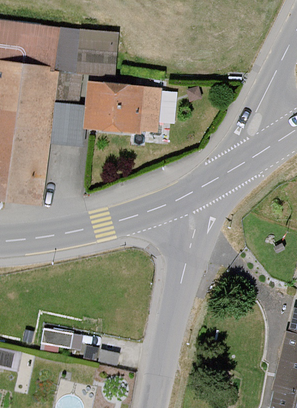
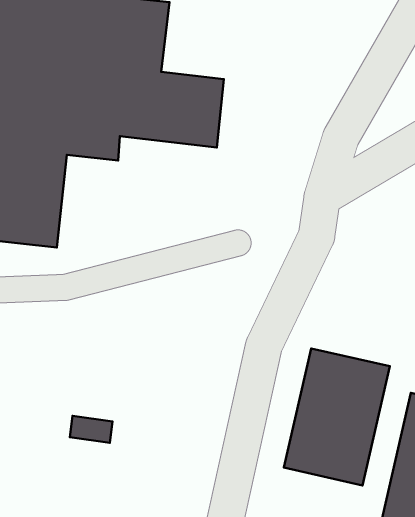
building: none -> [284,349,390,485]

